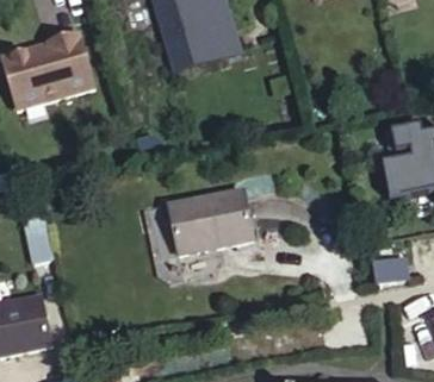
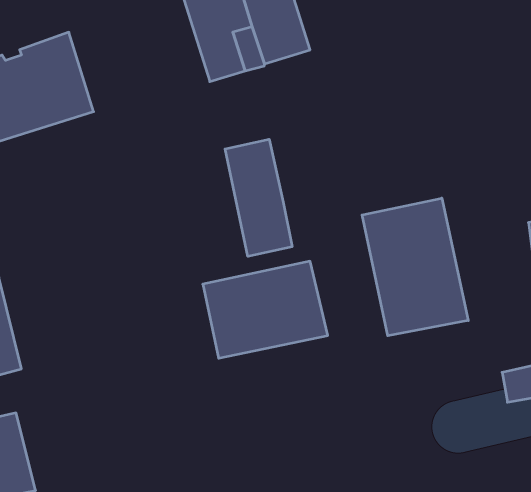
building: none -> [225,139,292,256]
building: none -> [362,198,468,336]

